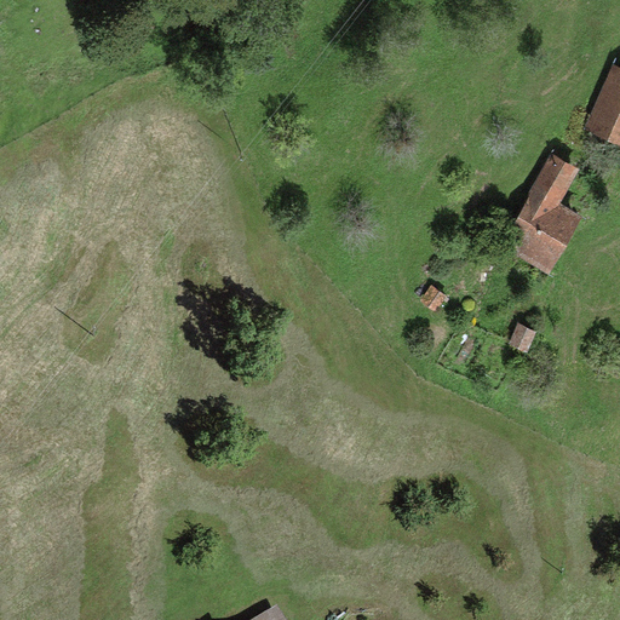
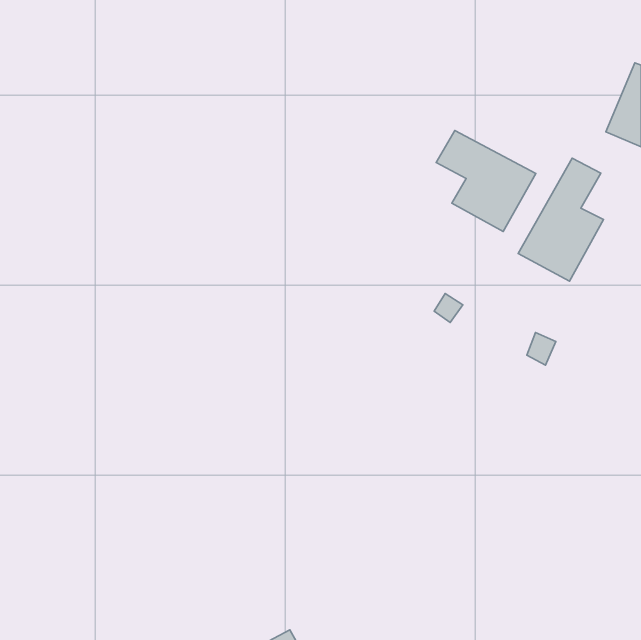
building: none -> [436,130,536,232]

